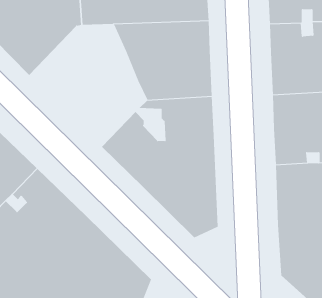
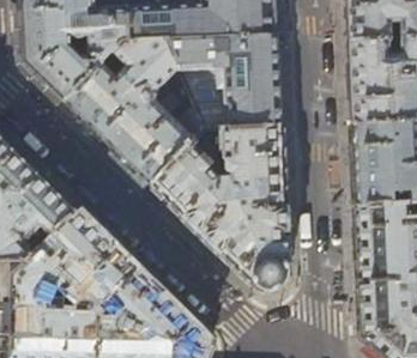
building: none -> [64,34,203,178]

